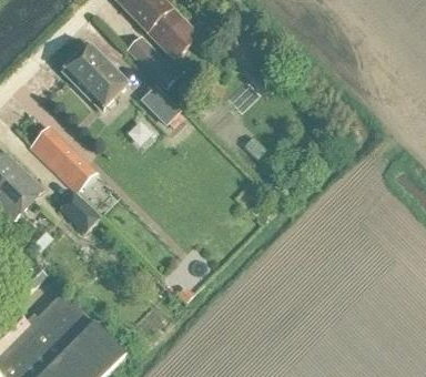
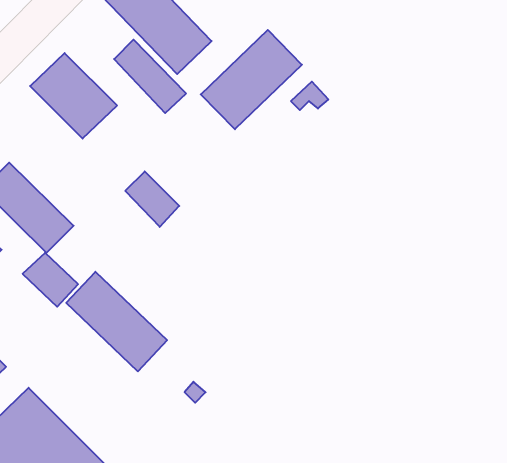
building: none -> [201,30,302,129]
building: [140,82,180,123] -> [125,171,179,227]
building: none -> [66,272,167,371]

